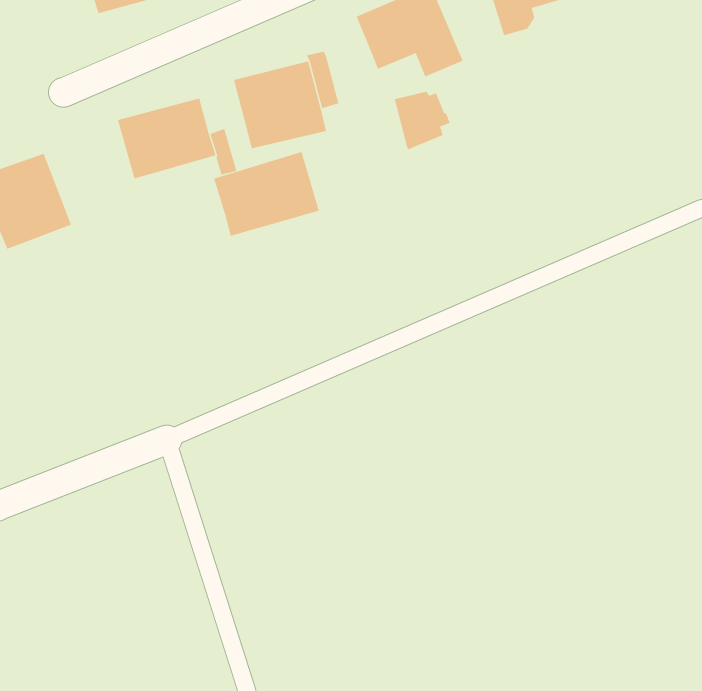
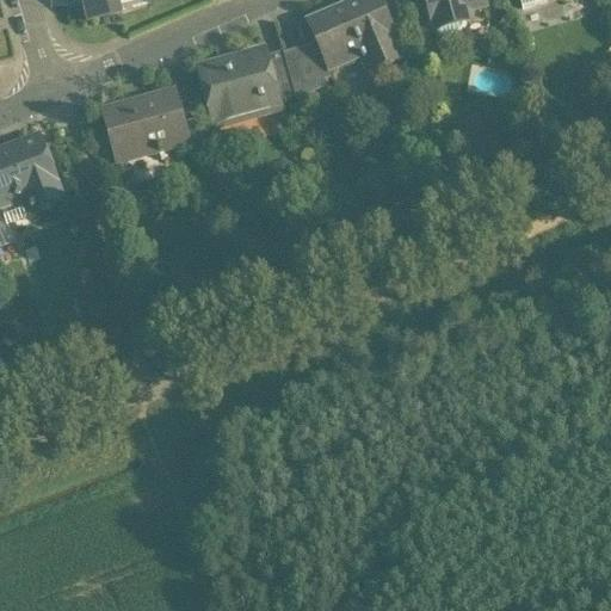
building: [394,91,450,150] -> [283,42,332,93]
building: [214,151,319,237] -> none

